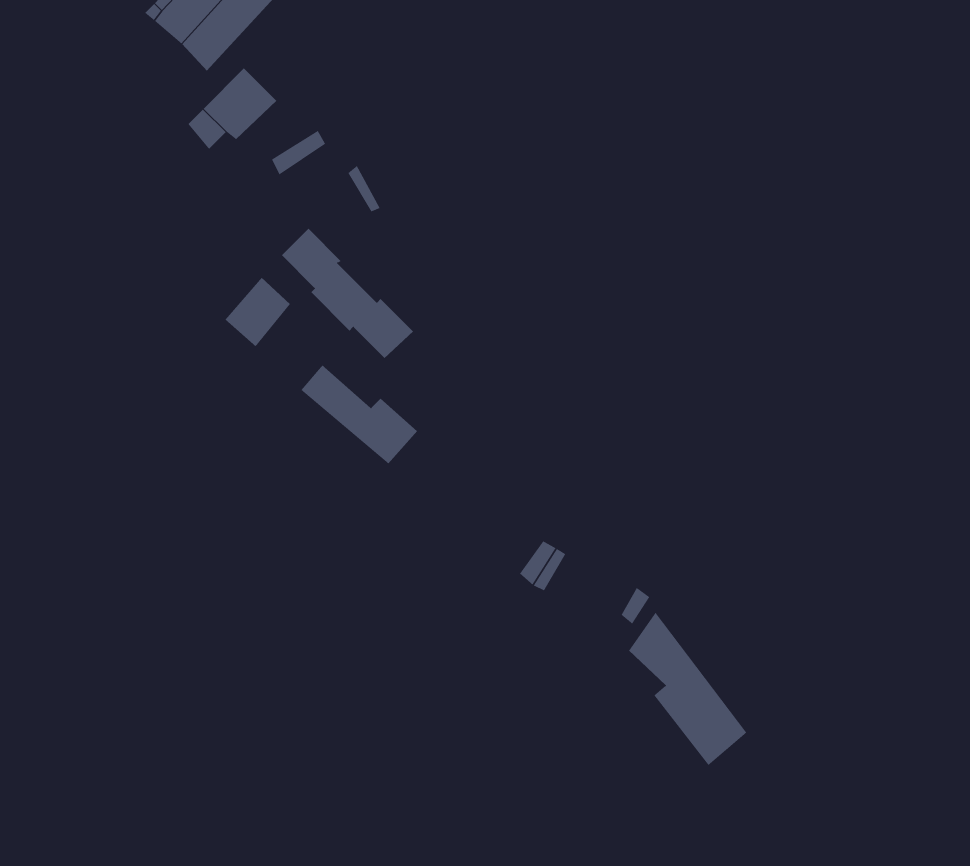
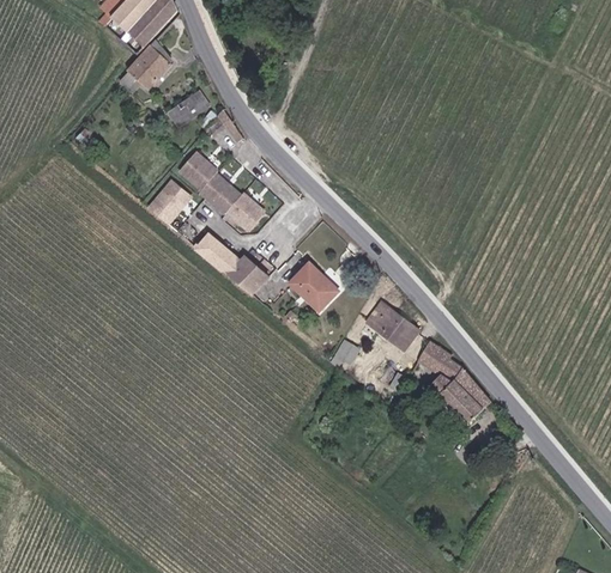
building: none -> [291,262,334,309]
building: none -> [368,306,419,349]
building: [628,611,747,766] -> [418,337,491,432]

